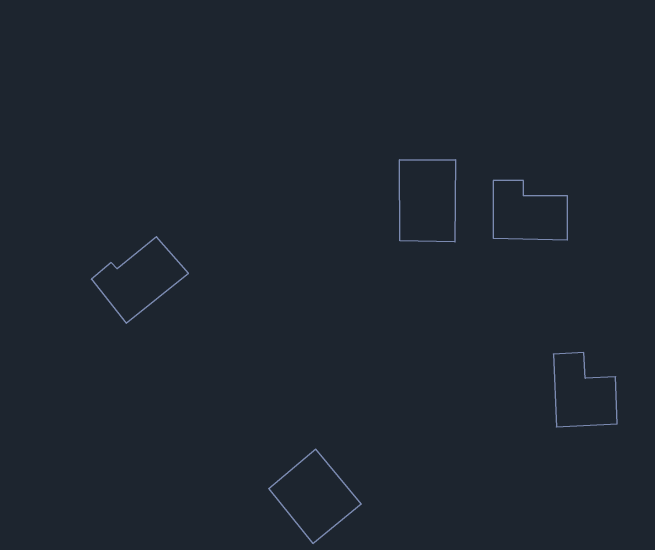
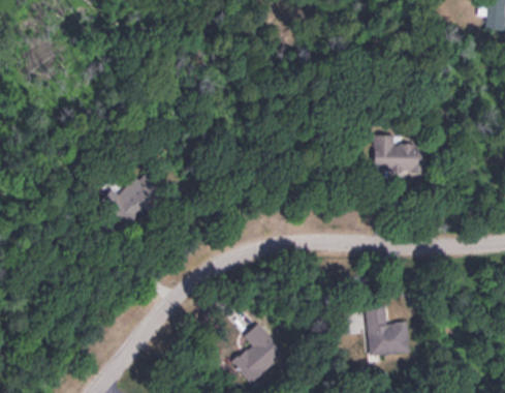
building: [400,160,456,242] -> none
building: [553,353,617,427] -> [365,305,408,356]

